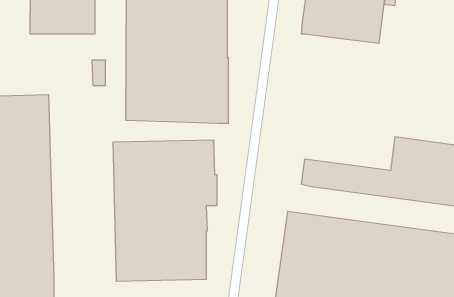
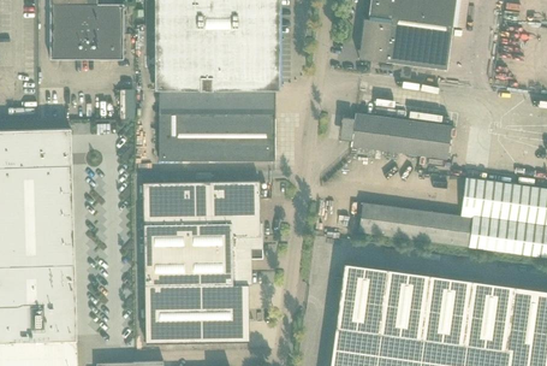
building: none -> [351,113,450,159]

